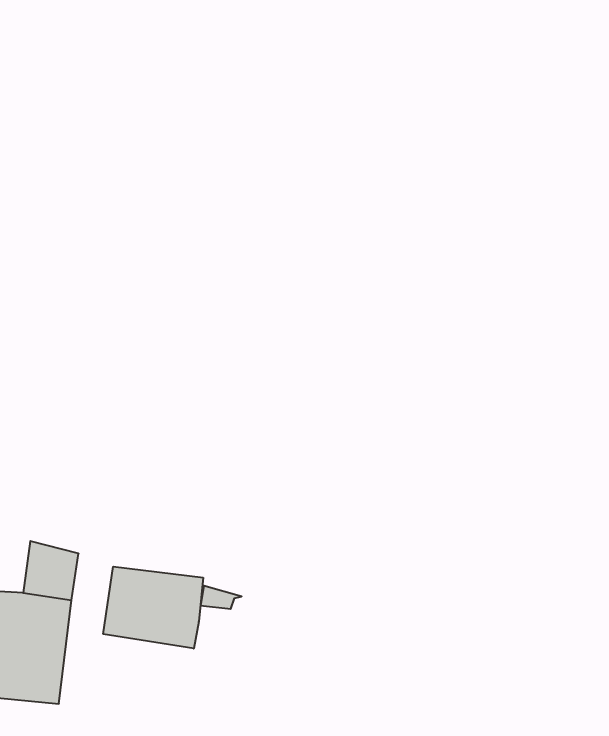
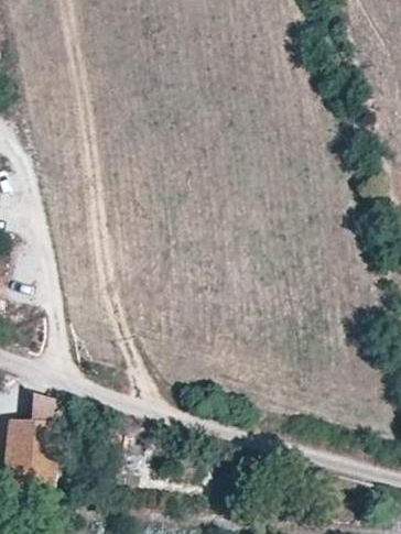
building: [103,567,203,649] -> none

